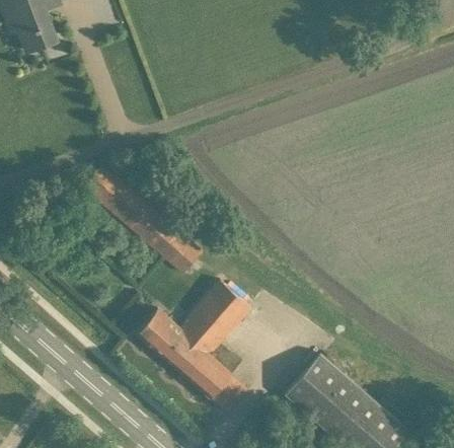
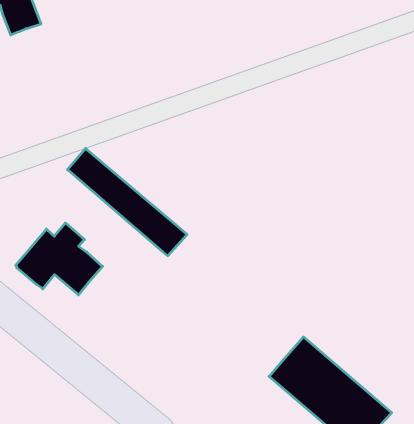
building: none -> [16,223,103,295]
building: [137,283,253,398] -> none

